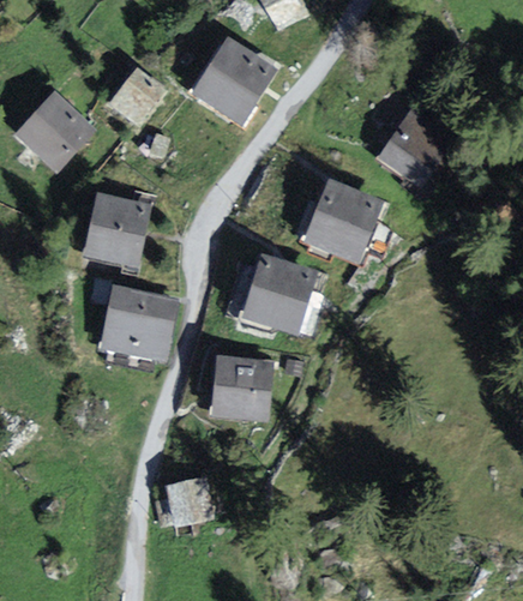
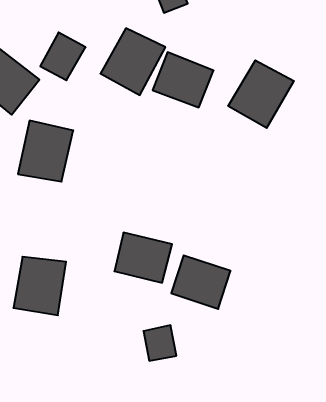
building: [296,187,385,268] -> [153,52,214,107]
building: [229,256,315,333] -> [171,255,231,309]
building: [98,282,175,367] -> [13,257,66,315]
building: [172,473,220,524] -> [143,325,176,361]

